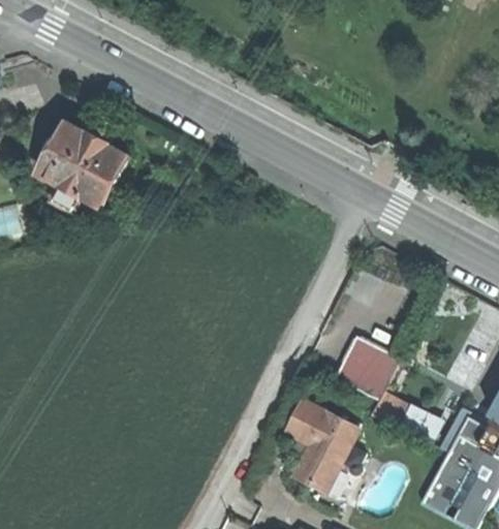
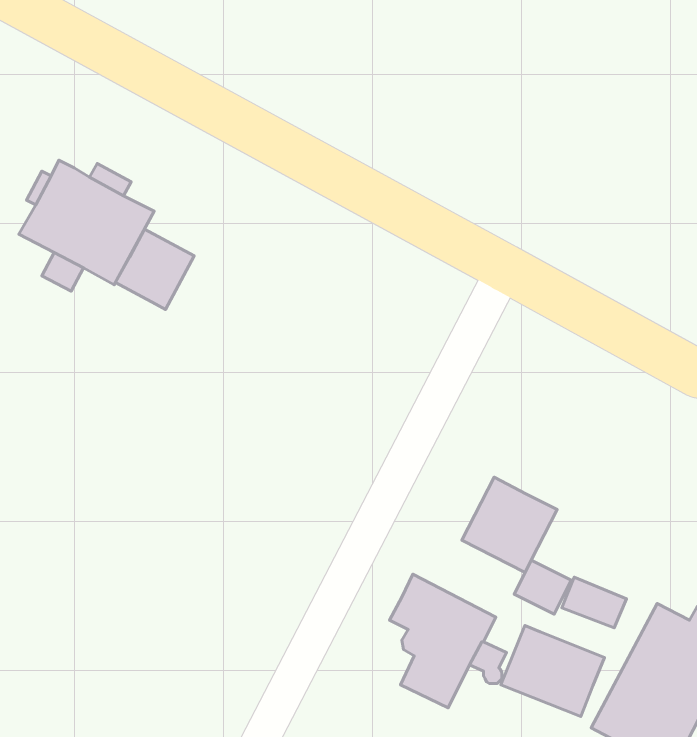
building: none -> [116,229,194,309]
building: none -> [501,625,605,717]

